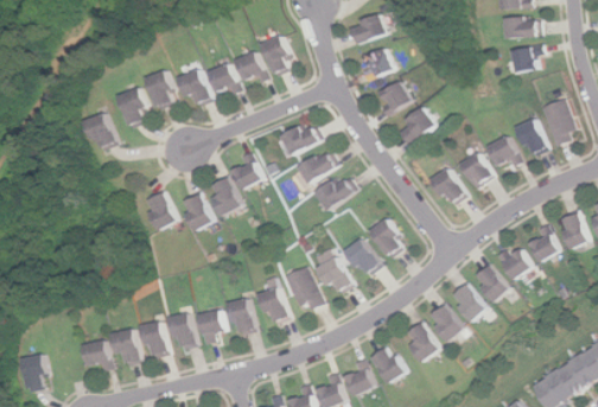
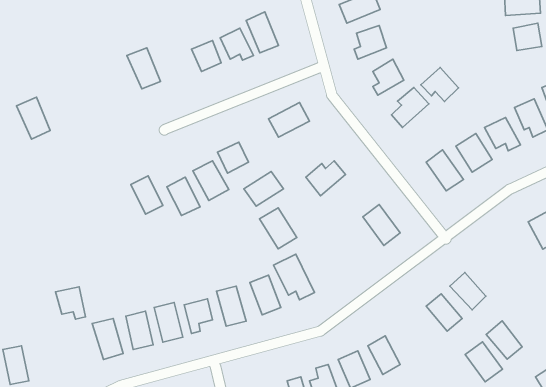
building: [174,69,206,106] -> none
building: [113,88,142,128] -> none
building: none -> [421,68,458,102]
building: [81,113,113,153] -> [17,97,50,139]
building: [294,151,332,184] -> [244,171,283,206]
building: [342,239,378,278] -> none
building: [498,247,530,279] -> none
building: [316,257,351,297] -> [259,208,297,249]
building: [472,265,507,301] -> [486,321,522,359]
building: [402,323,438,361] -> [465,342,502,382]
building: [78,339,107,370] -> [56,287,85,319]

